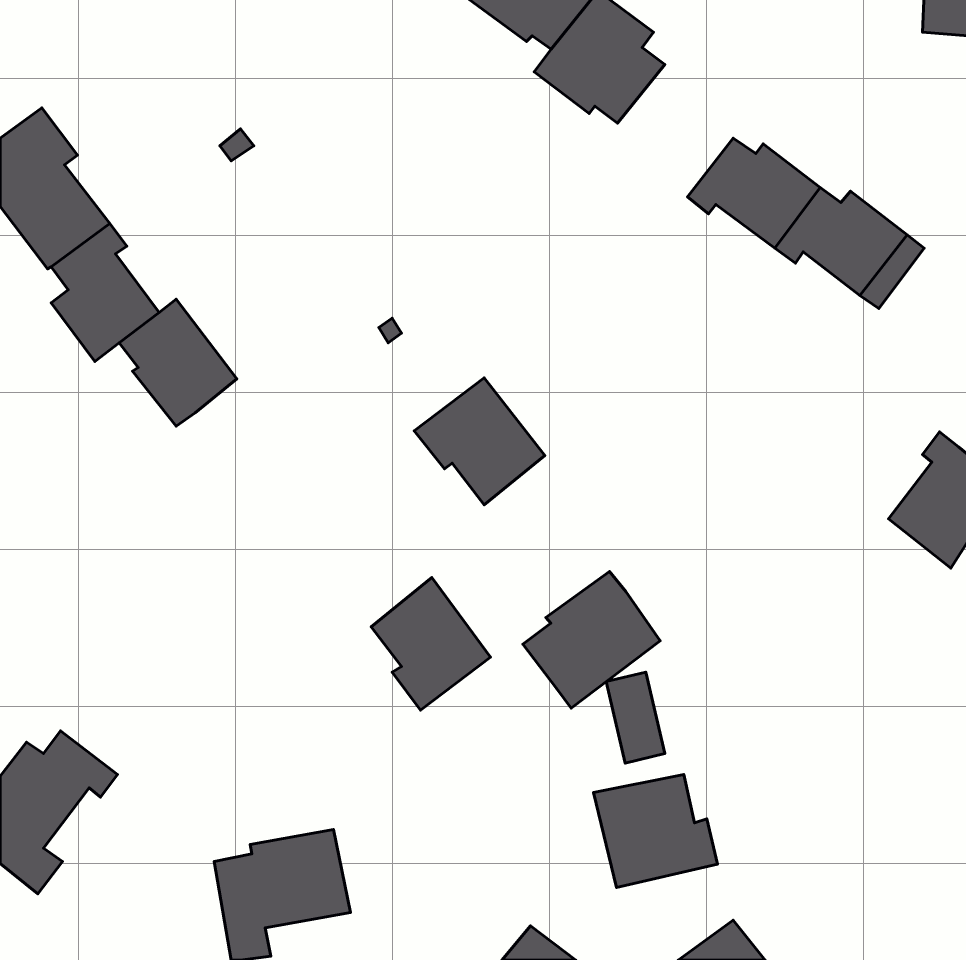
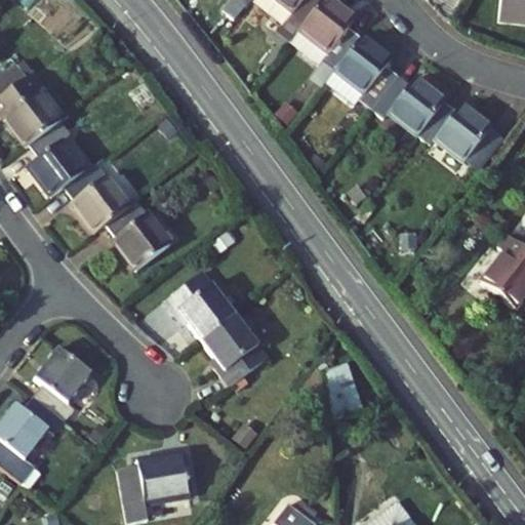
building: none -> [325,35,398,107]
building: none -> [107,200,169,269]
building: [414,378,545,505] -> [164,271,235,339]
building: [523,572,660,708] -> none
building: none -> [34,346,91,419]
building: [594,775,717,887] -> none

